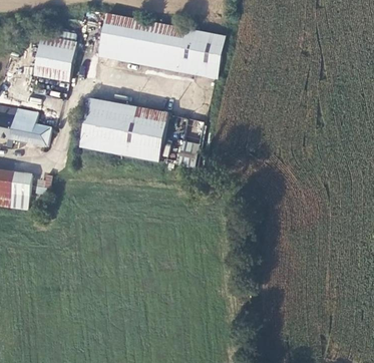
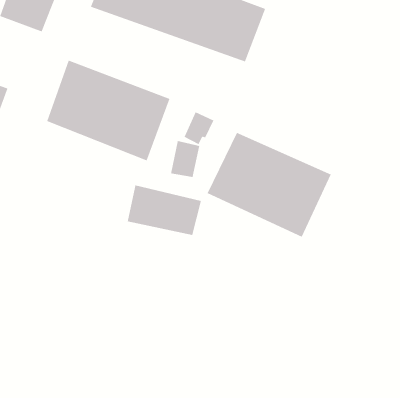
building: none -> [206,132,332,238]
building: none -> [127,185,202,236]

